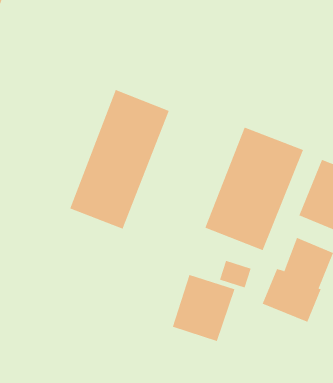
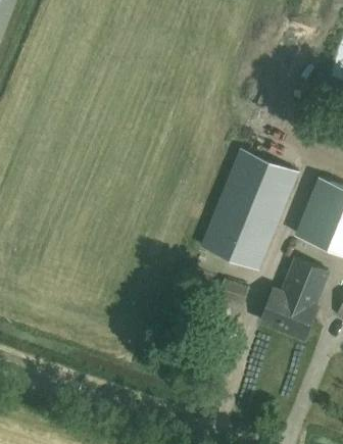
building: [69,89,169,230] -> none
building: [172,274,235,342] -> none

